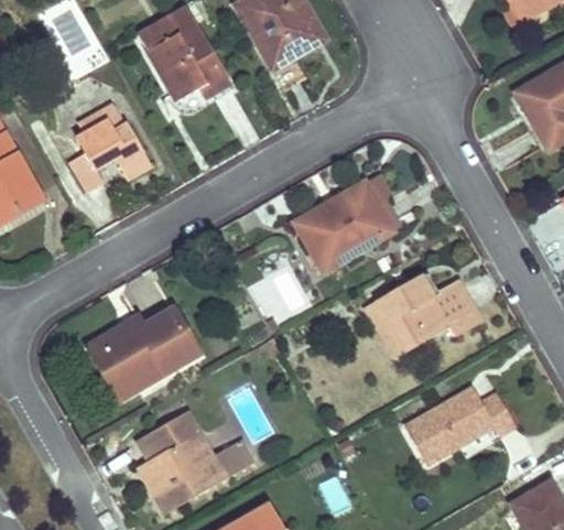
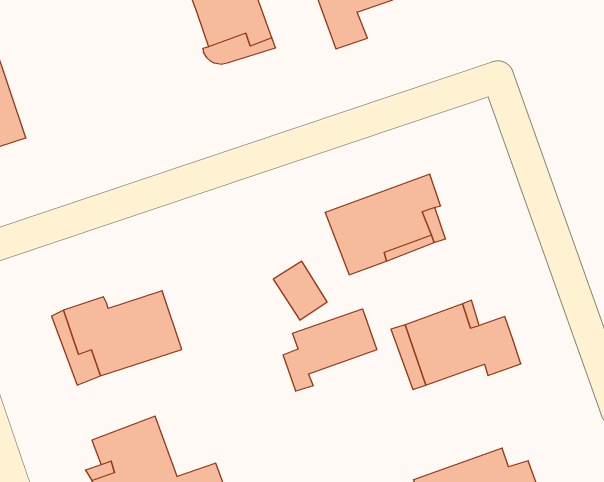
building: [70,102,149,190] -> none
building: none -> [283,309,377,391]

